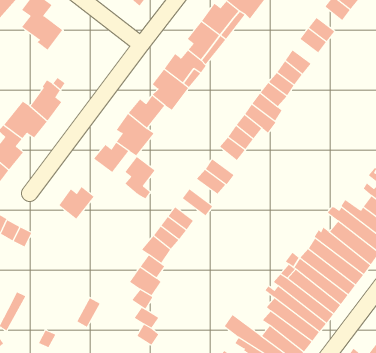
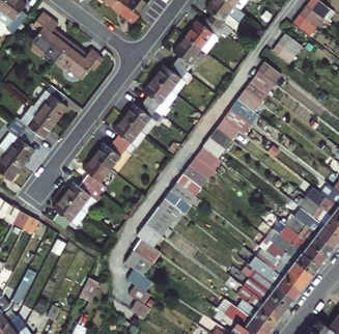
building: none -> [54,45,98,79]
building: [124,156,156,199] -> [83,156,110,193]
building: none -> [52,196,79,227]

